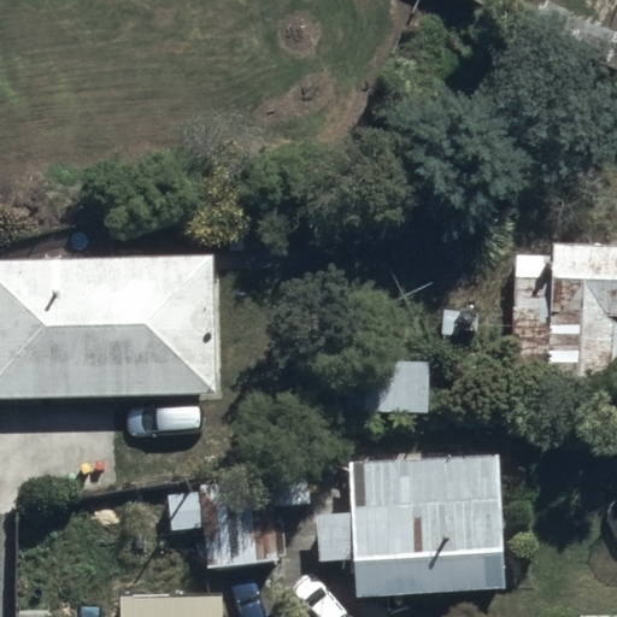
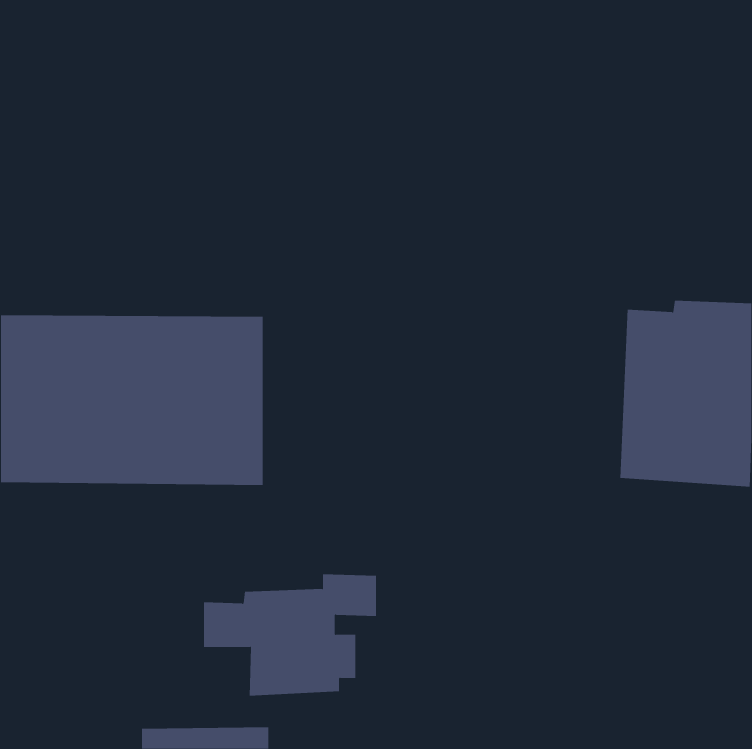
building: [317,448,506,598] -> none

